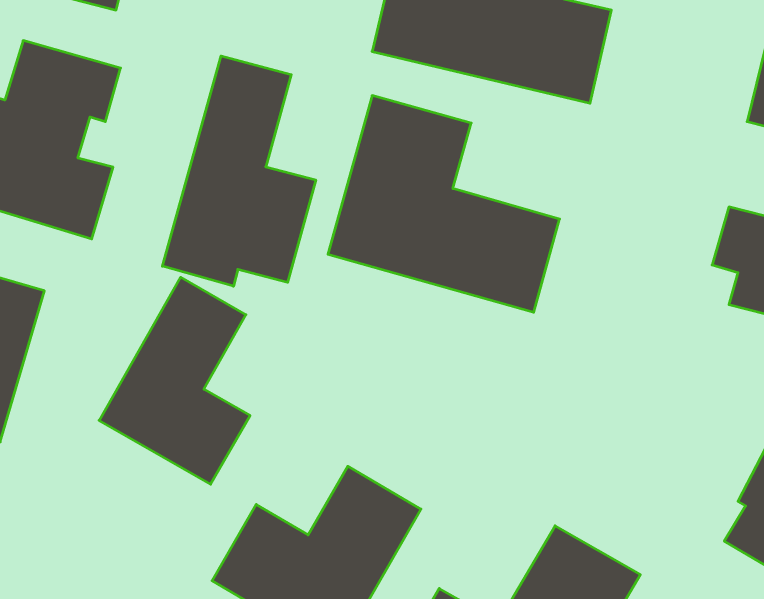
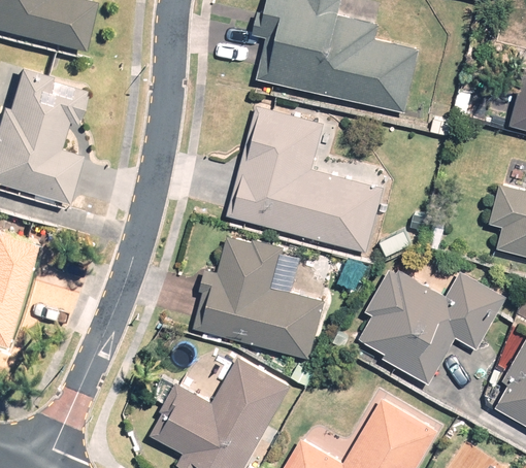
building: [162,56,316,286] -> none
building: [99,277,250,484] -> none
building: none -> [195,235,324,359]
building: none -> [360,267,506,383]

